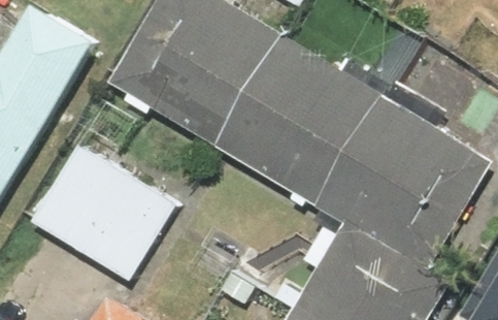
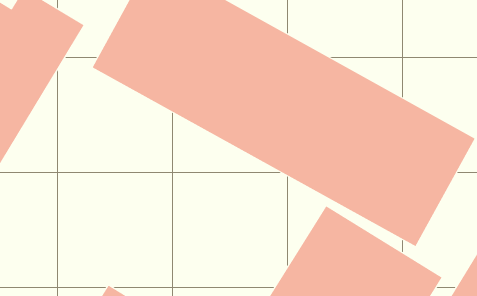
building: [30,149,172,279] -> none

